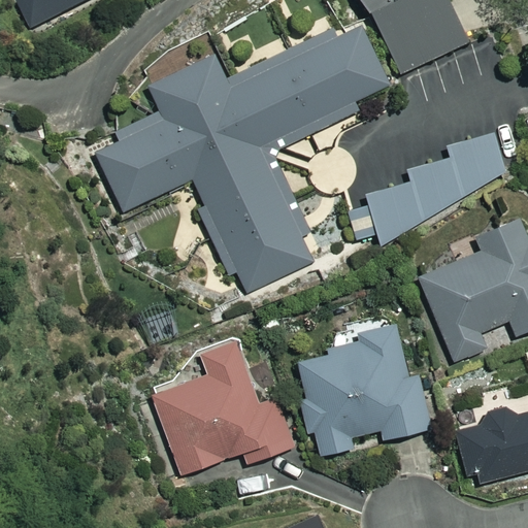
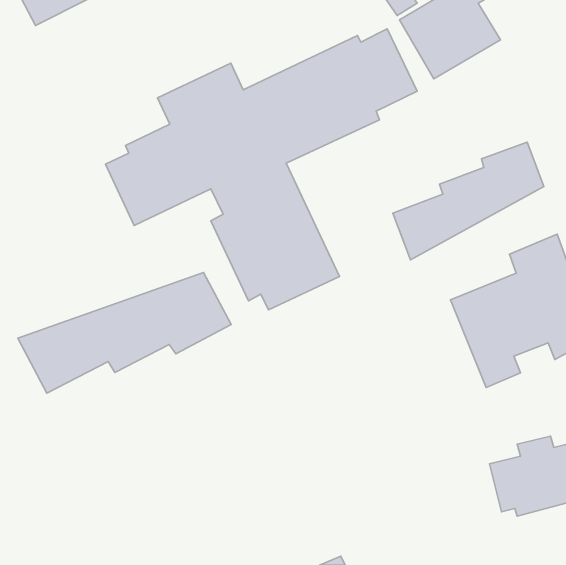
building: none -> [18,273,231,393]
building: [300,321,434,456] -> none
building: [154,337,293,473] -> none

